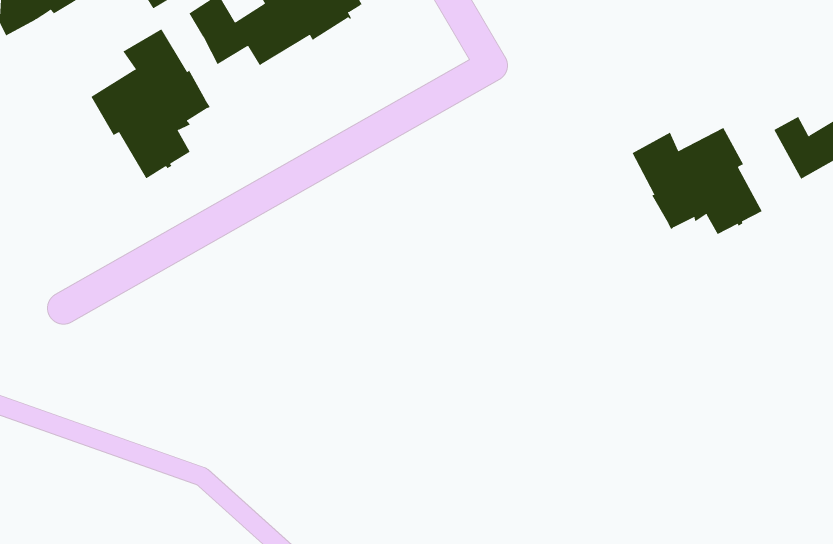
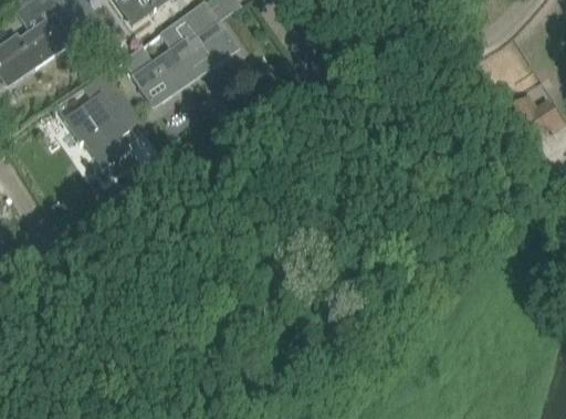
building: [632,127,762,235] -> none

